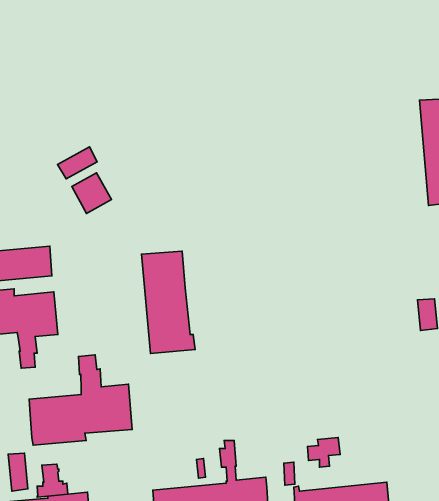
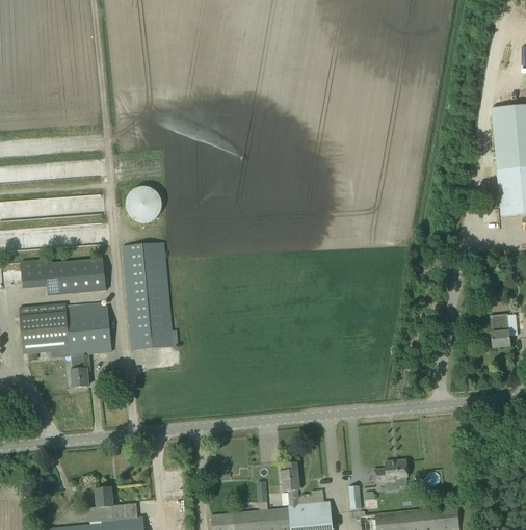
building: [58,147,97,179] -> none
building: [142,251,195,353] -> [122,243,178,350]
building: [29,355,132,445] -> none
building: [8,453,28,491] -> none

